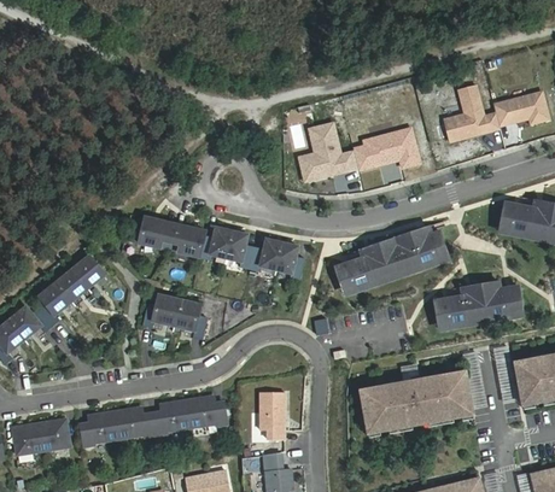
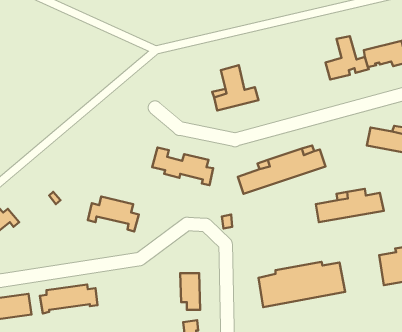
building: [355,130,421,170] -> none
building: [139,215,230,257] -> none
building: [39,256,105,326] -> none
building: [151,394,224,432] -> none

